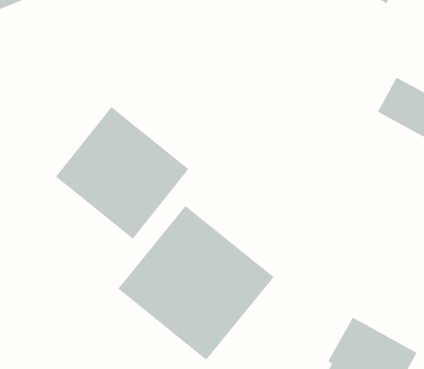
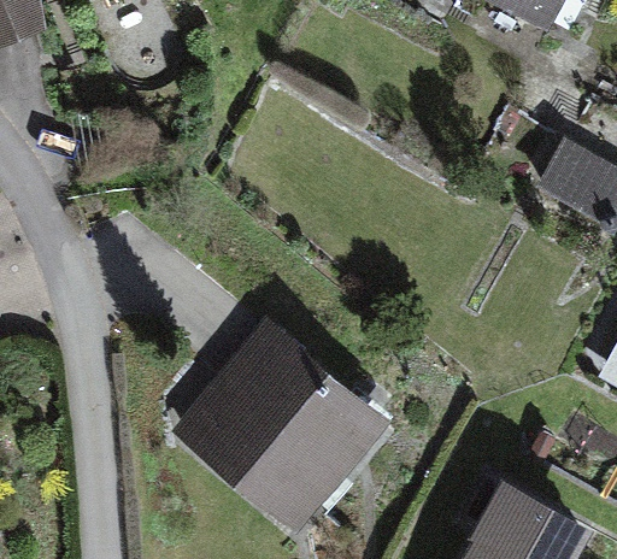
building: [55,106,189,239] -> none

